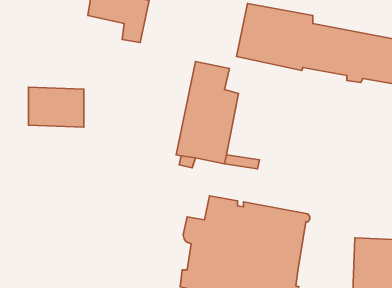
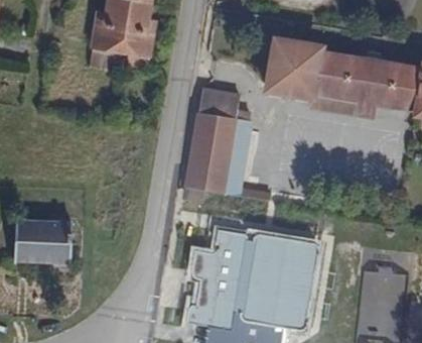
building: [29,87,84,127] -> [25,218,81,258]

